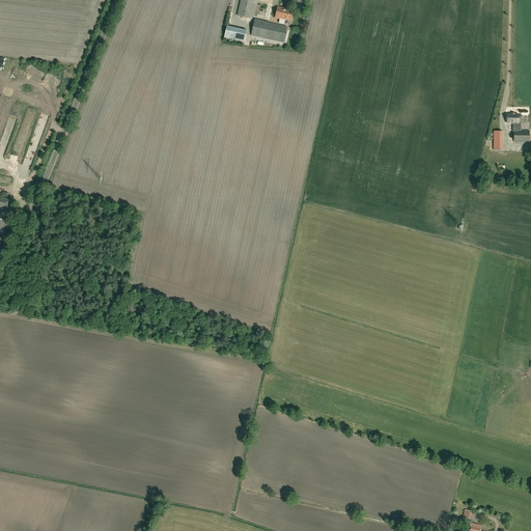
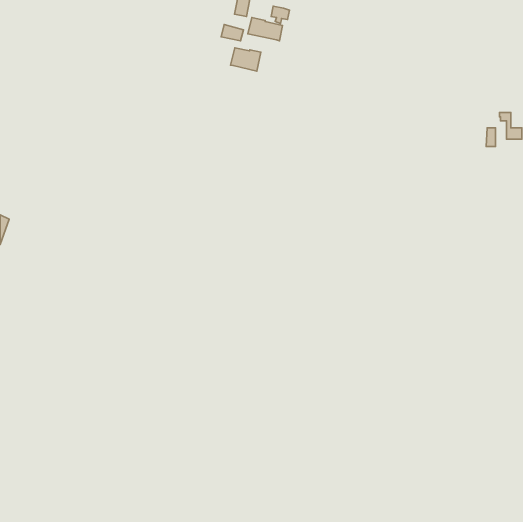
building: none -> [231,48,261,71]

